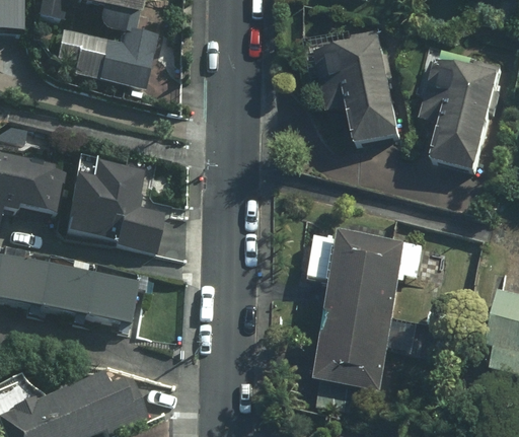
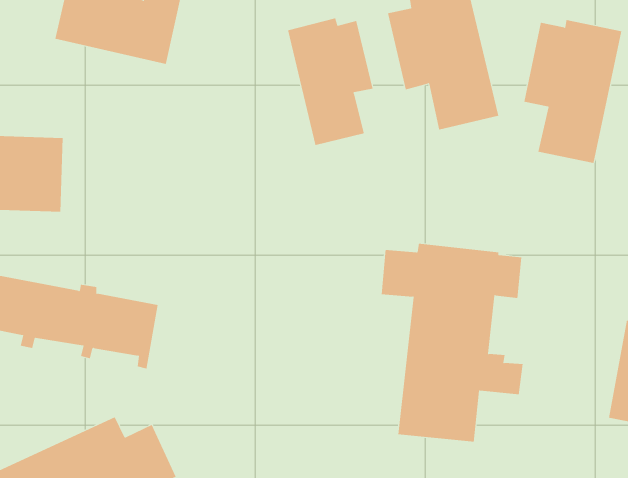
building: none -> [288,17,373,146]
building: [66,159,161,252] -> none

